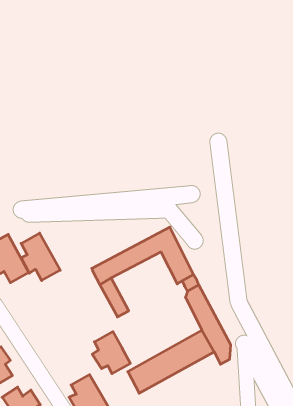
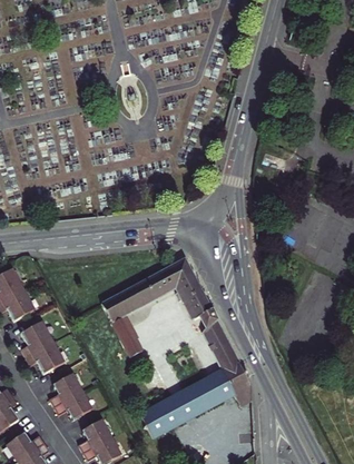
building: [21,233,60,281] -> [21,320,63,372]
building: [92,332,130,374] -> [49,373,90,418]

